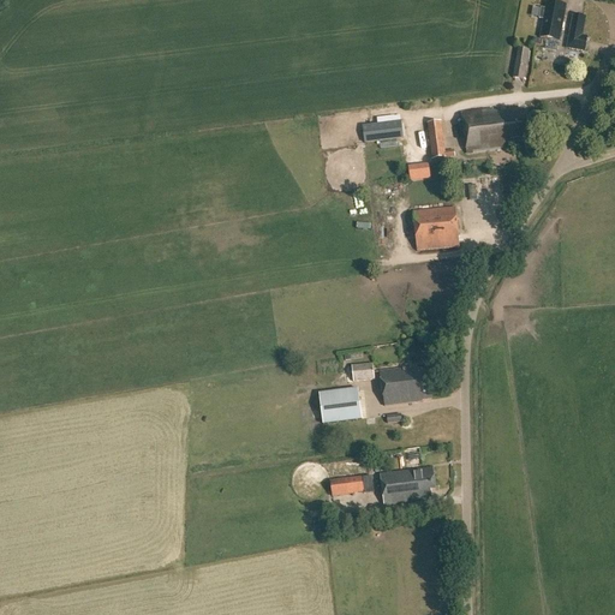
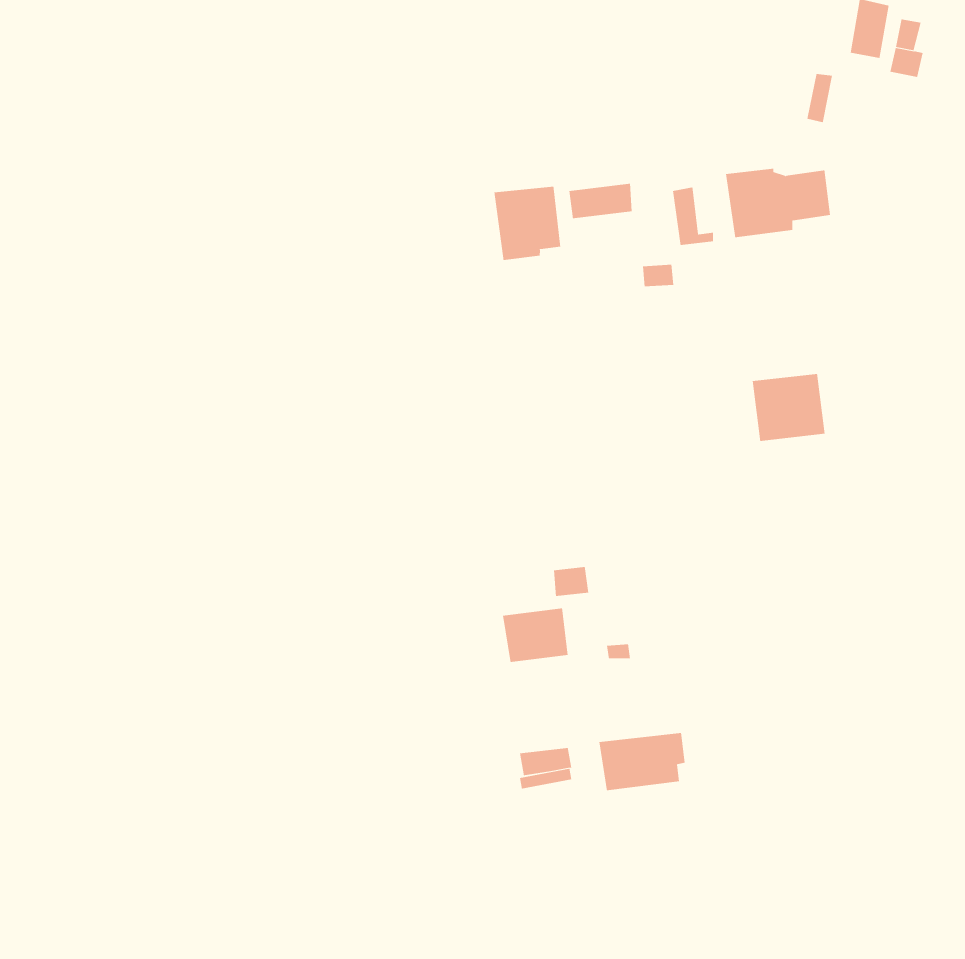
building: none -> [494,186,561,261]
building: [413,205,460,249] -> [752,373,826,441]
building: [381,360,432,404] -> none

